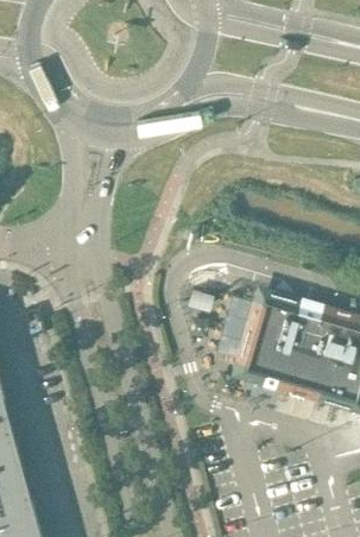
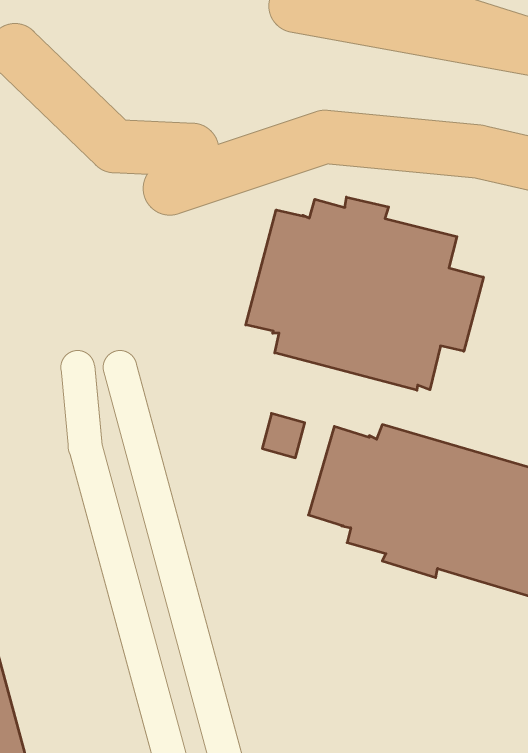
building: none -> [246,197,483,390]

